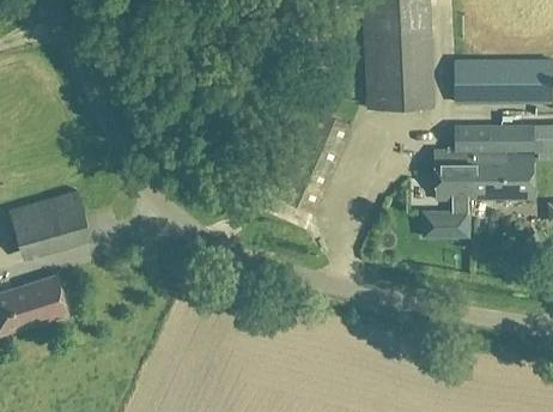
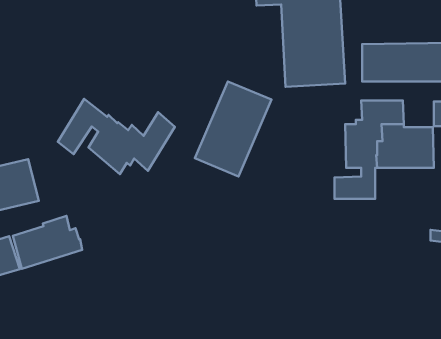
building: none -> [58,99,175,174]
building: [499,125,533,151] -> none
building: none -> [13,216,82,269]

